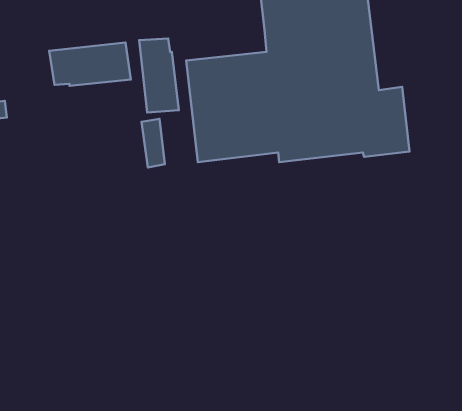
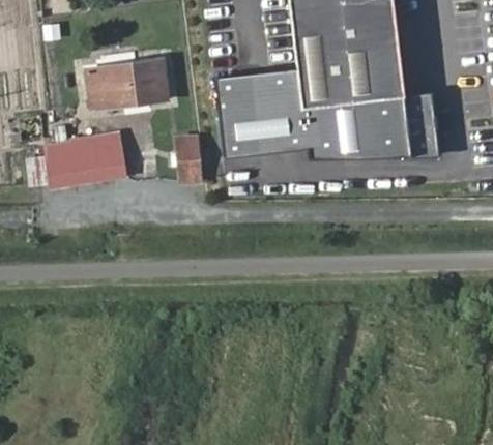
building: [139,38,179,113] -> none
building: none -> [47,132,122,183]

